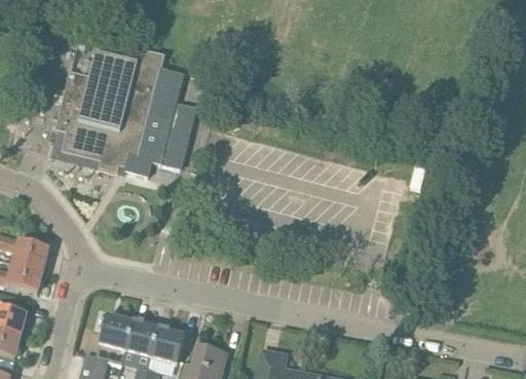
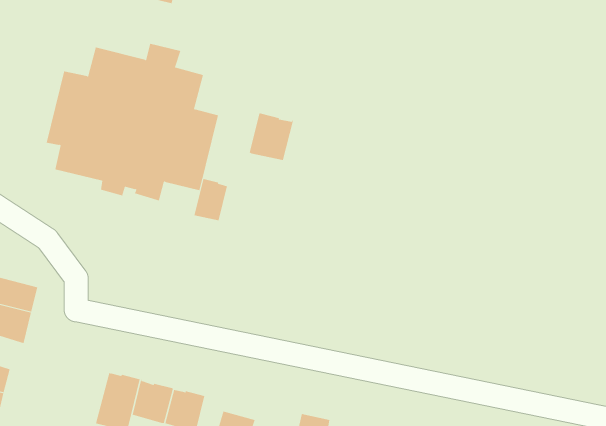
building: none -> [249,112,293,161]
building: none -> [194,178,227,221]

